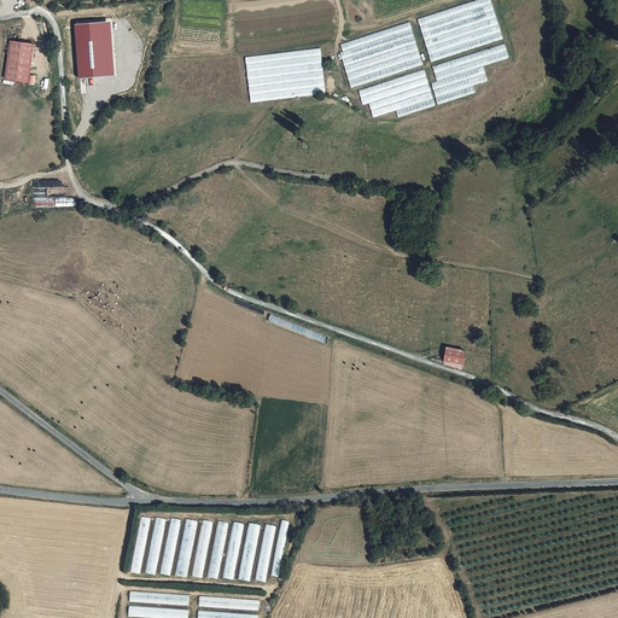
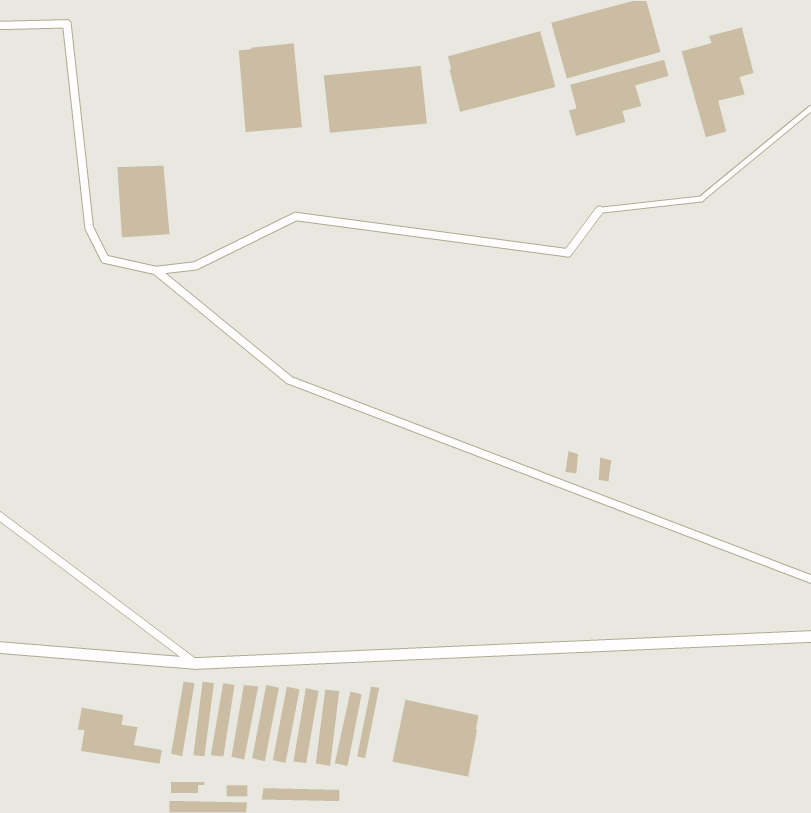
building: none -> [680,27,755,138]
building: [75,23,116,78] -> [116,165,171,238]
building: none -> [238,42,303,133]
building: [8,39,39,81] -> none
building: [357,71,435,117] -> none
building: none -> [392,699,480,777]
building: none -> [77,707,163,765]

